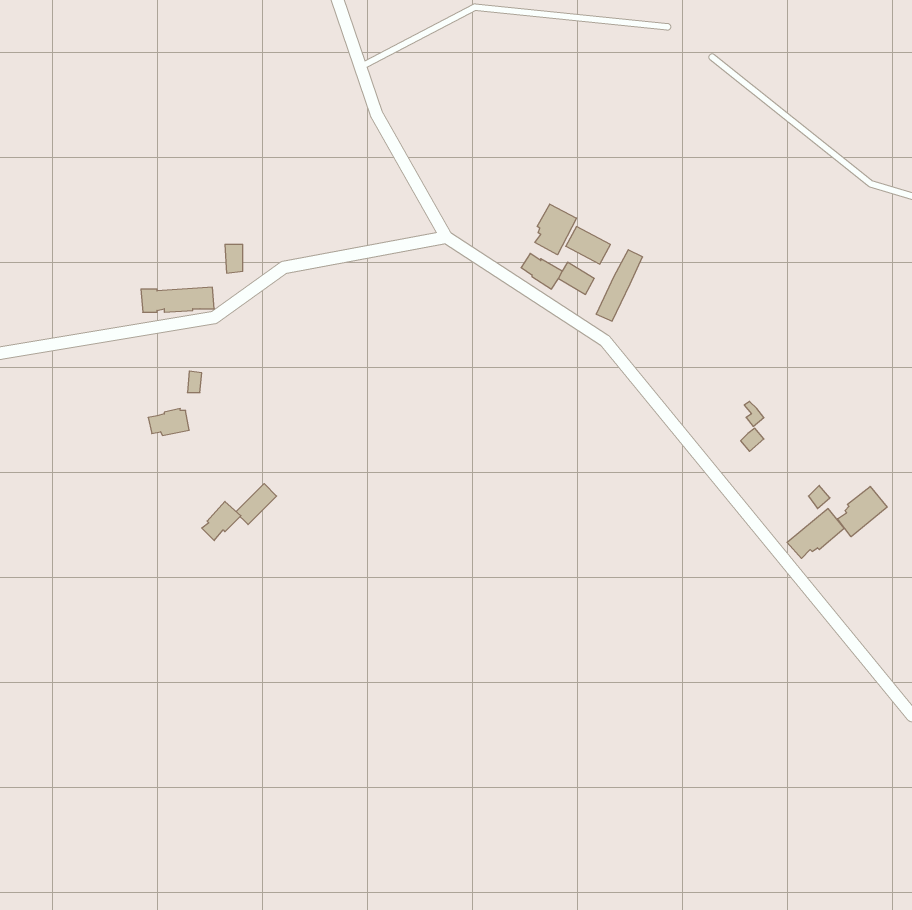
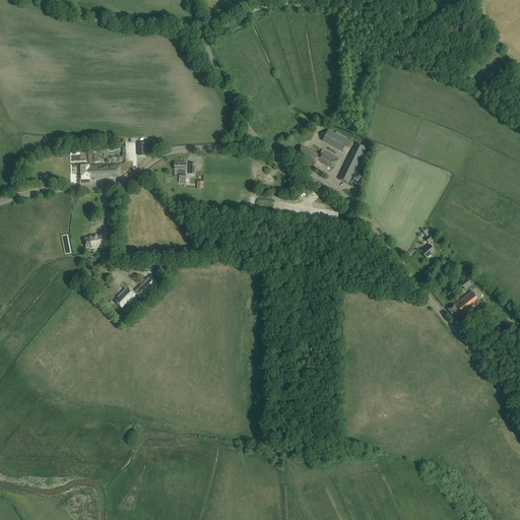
building: [535,204,577,255] -> none
building: [837,486,887,537] -> none

